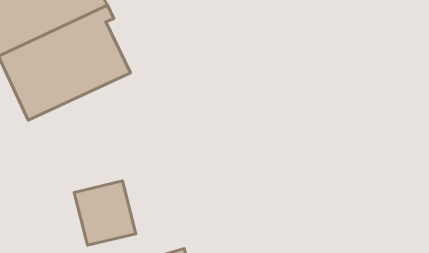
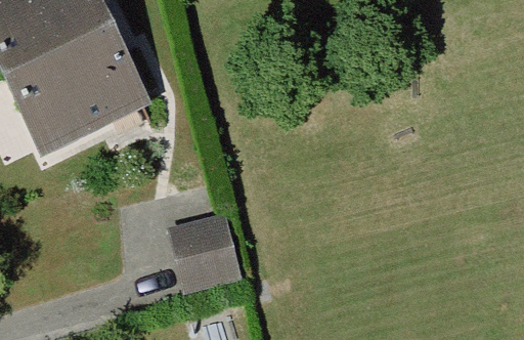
building: [74,181,136,245] -> [166,214,237,289]

